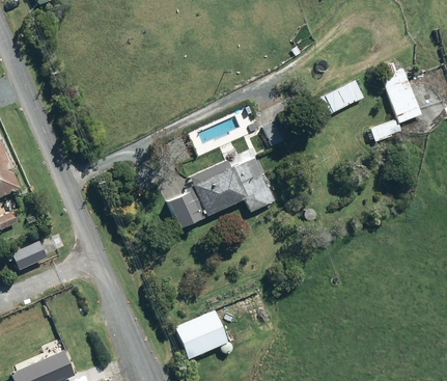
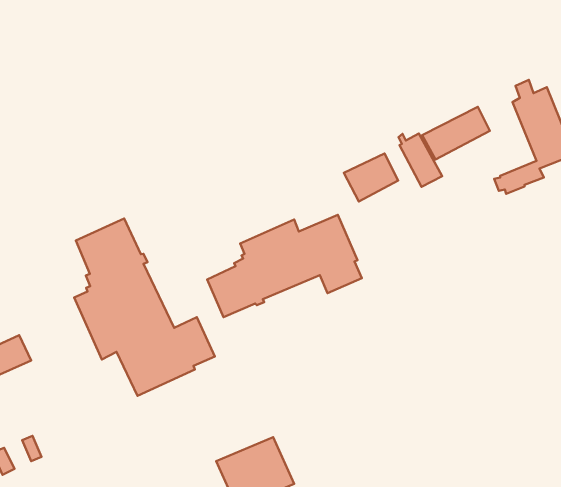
building: none -> [399,133,442,187]
building: none -> [74,219,215,396]

